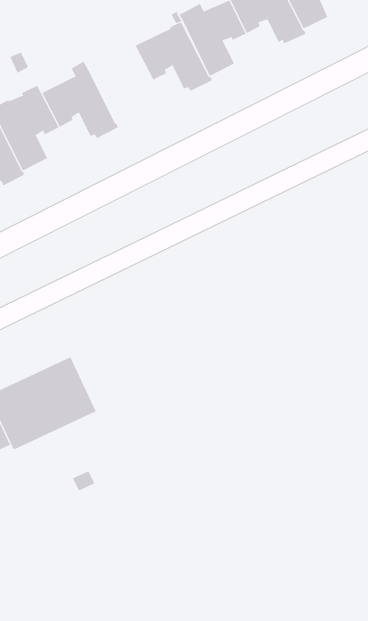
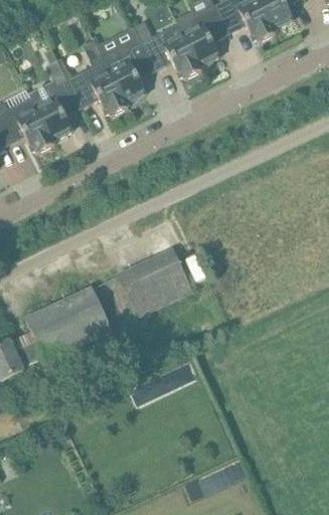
building: none -> [110,40,155,102]
building: none -> [118,246,192,314]

